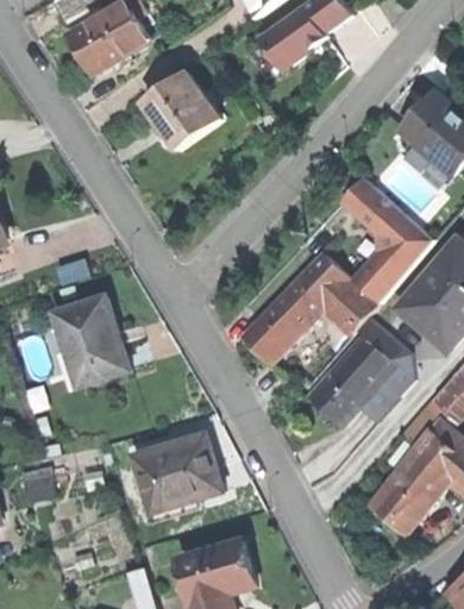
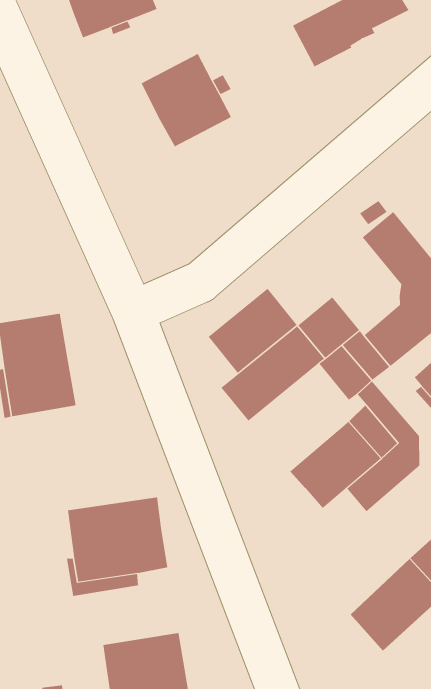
building: none -> [208,288,298,374]

